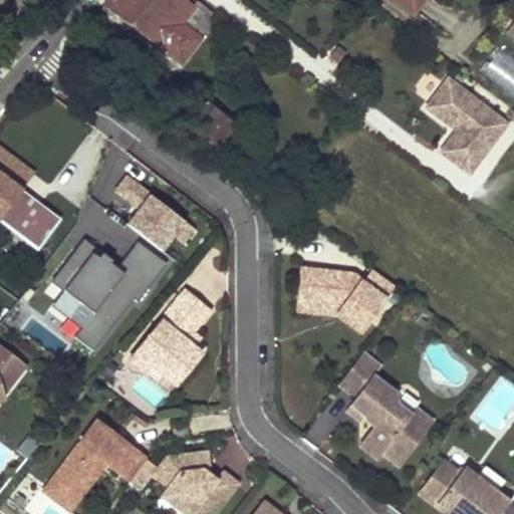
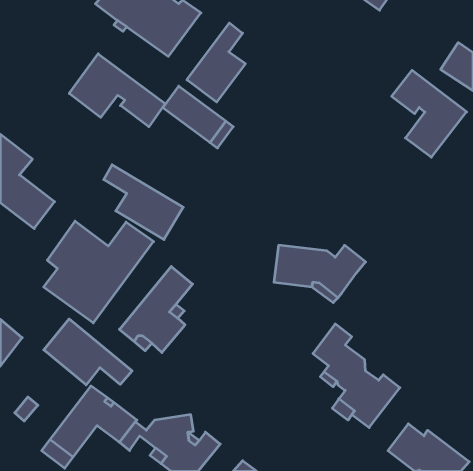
building: none -> [187,23,245,102]
building: none -> [69,54,165,127]
building: none -> [44,319,132,385]

